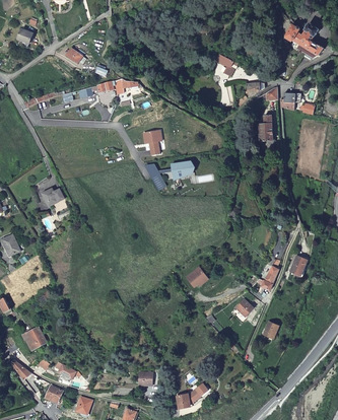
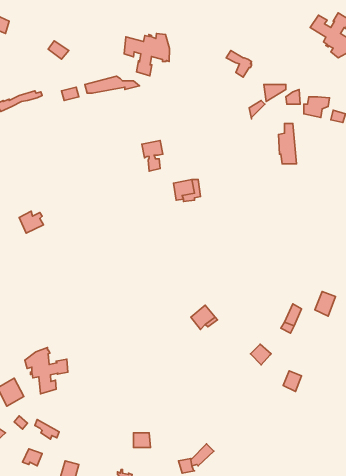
building: none -> [124,33,169,76]
building: none -> [25,347,68,394]

